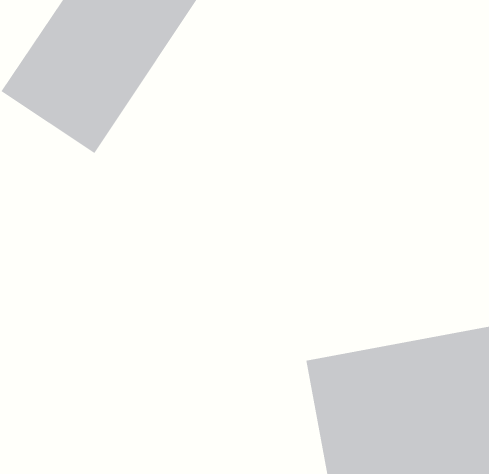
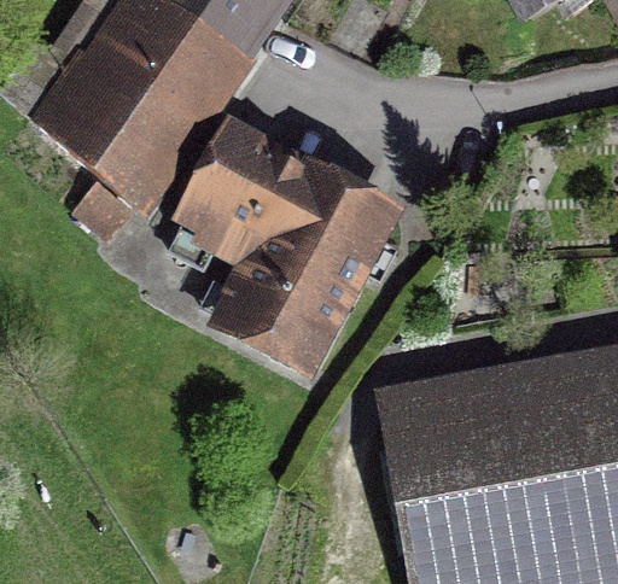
building: none -> [188,146,381,367]

